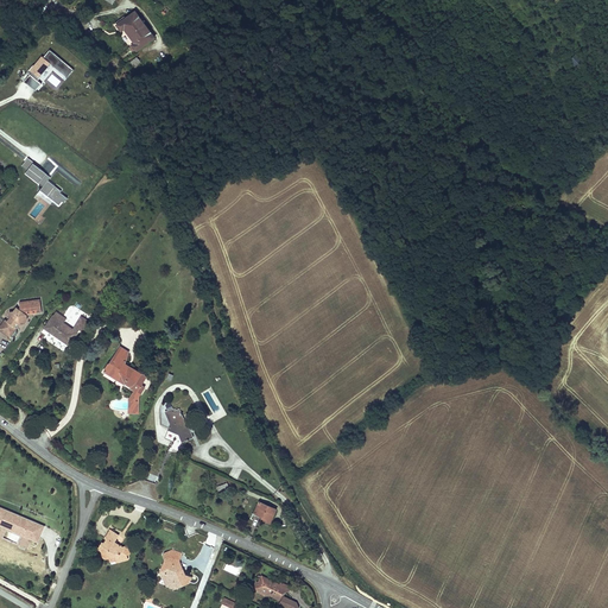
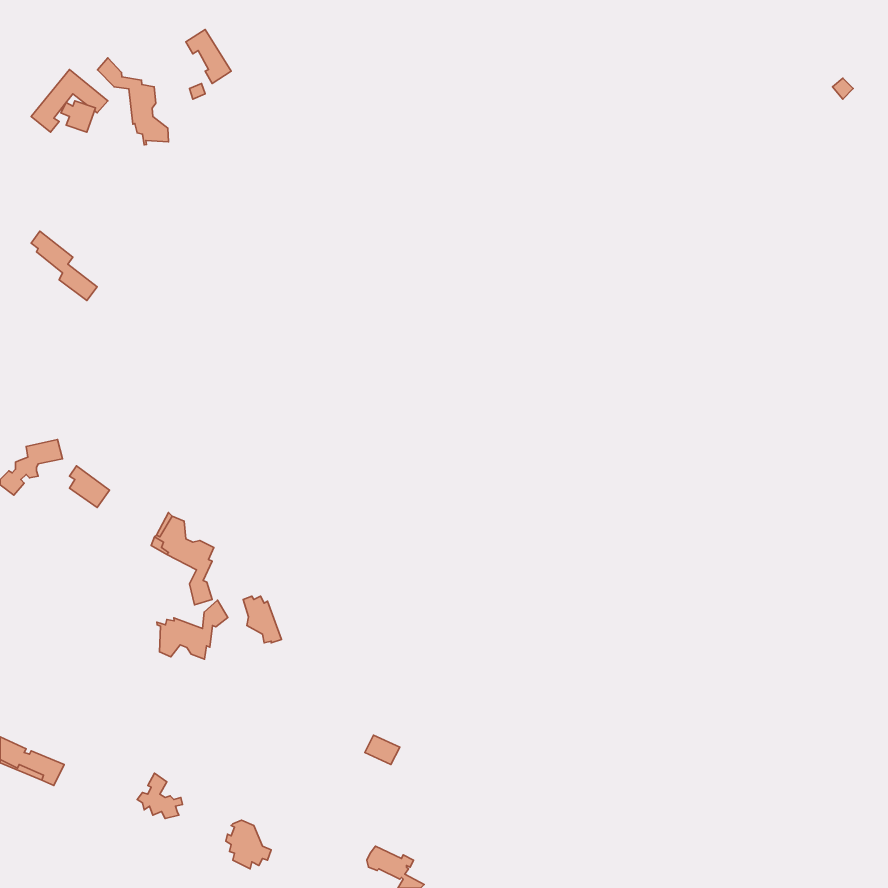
building: none -> [97,58,168,145]
building: none -> [157,600,228,659]

